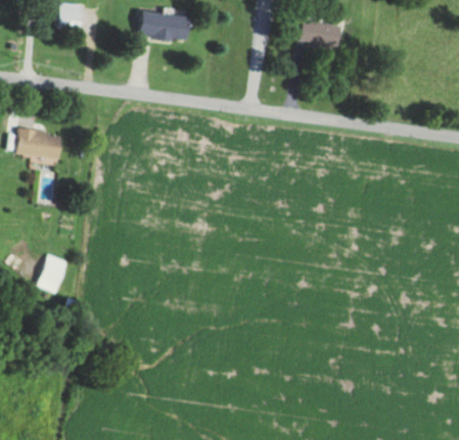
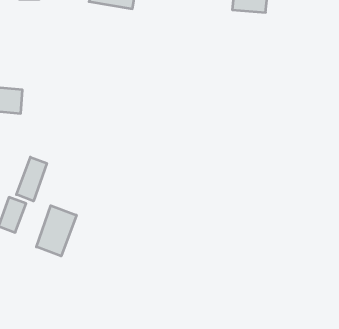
building: none -> [16,157,47,201]
building: none -> [36,206,76,256]

